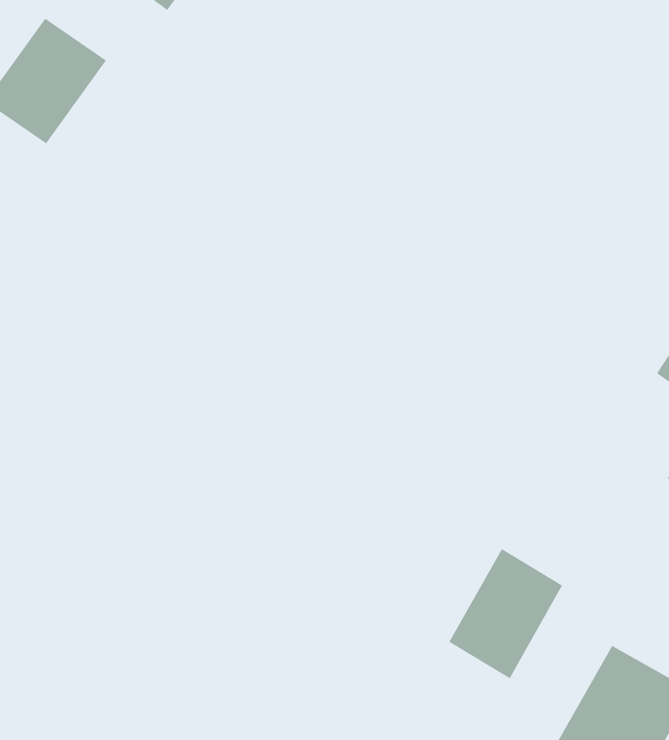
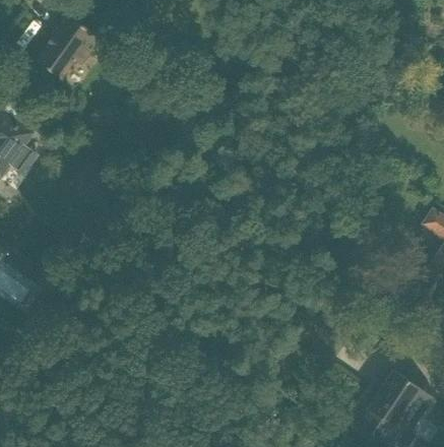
building: [448,548,563,679] -> none

